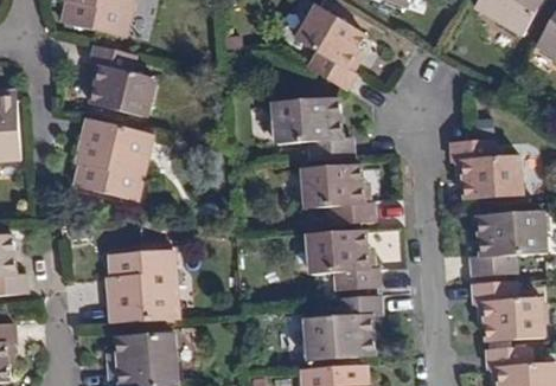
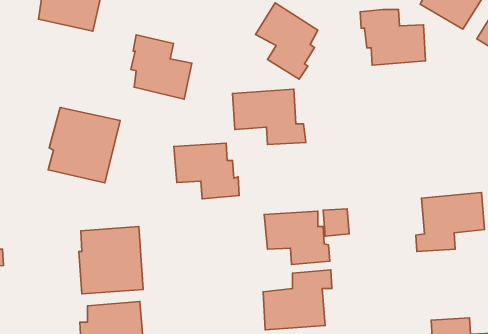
building: [87,46,153,116] -> [131,35,192,99]
building: [452,139,523,199] -> [360,10,426,65]
building: [302,163,373,224] -> [174,143,239,199]
building: [473,279,544,341] -> none

